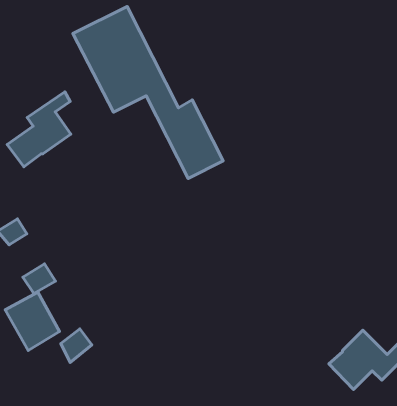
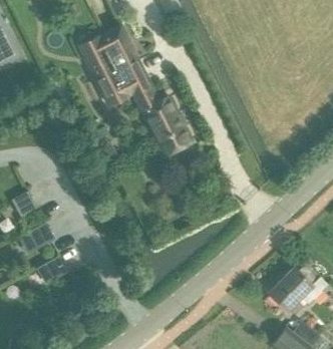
building: [7,92,71,167] -> none

